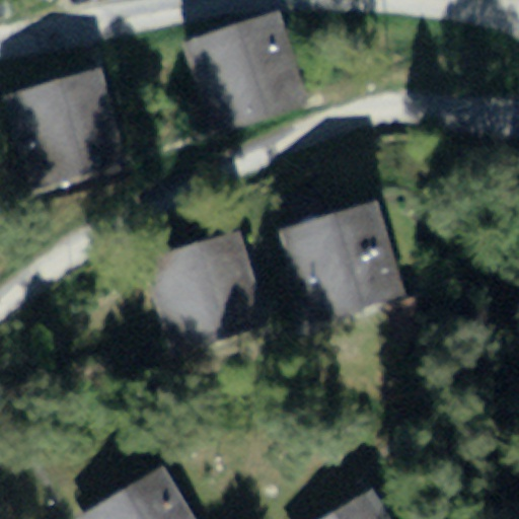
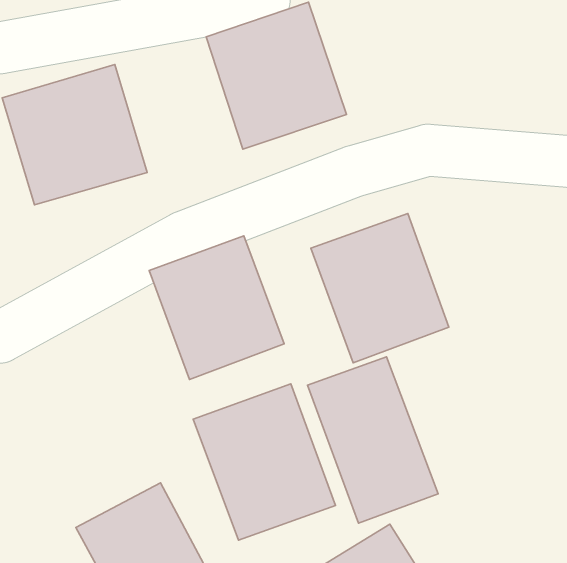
building: none -> [308,357,438,523]
building: none -> [193,384,335,540]

